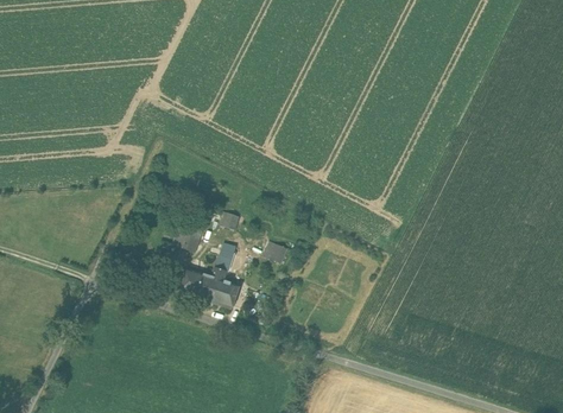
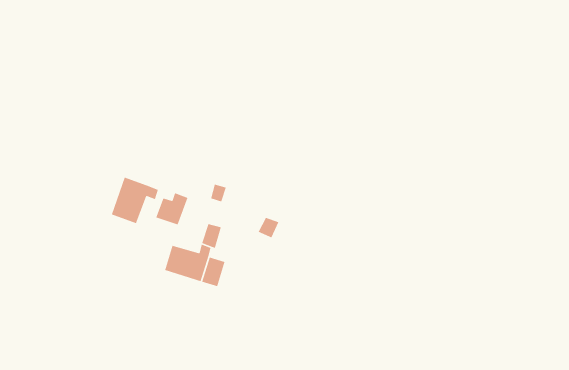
building: none -> [111,177,159,224]

